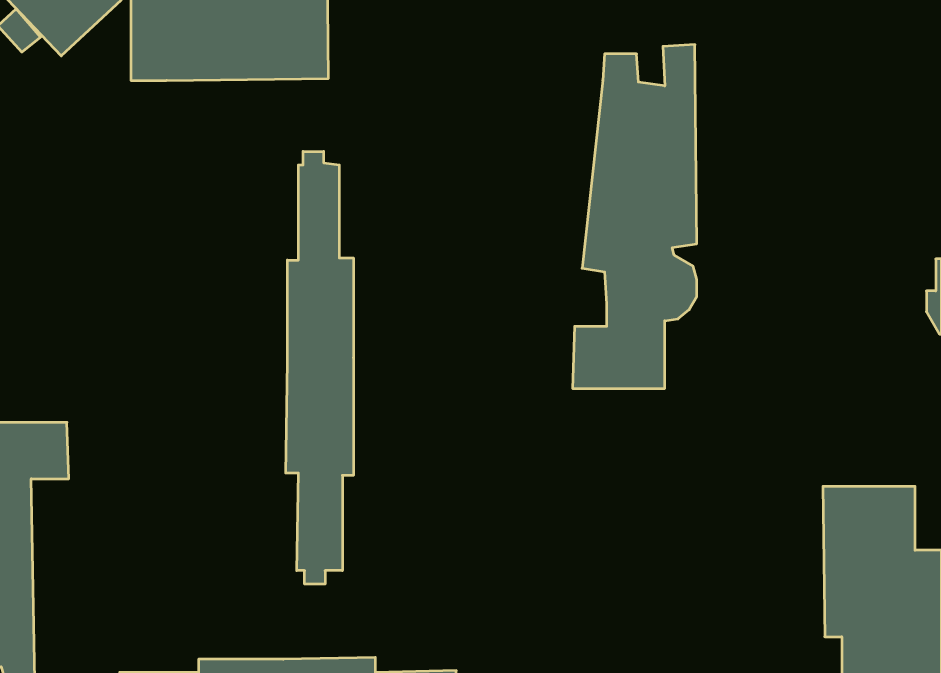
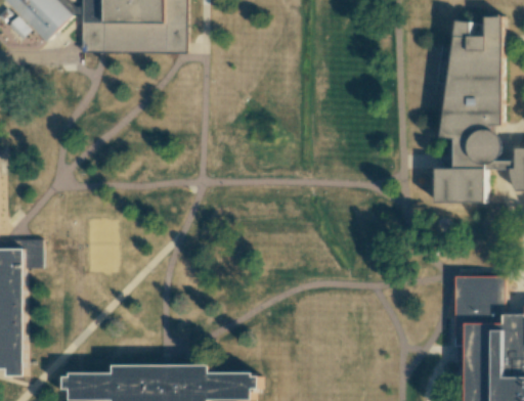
building: [573,45,697,388] -> [435,13,503,200]
building: [286,151,353,584] -> none

